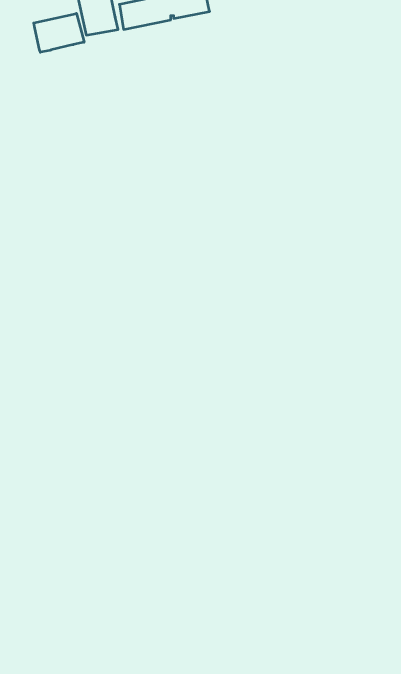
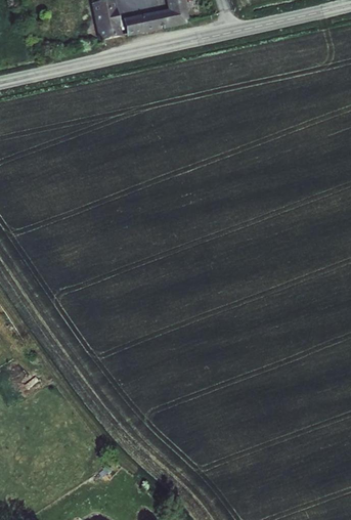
building: [34,13,84,52] -> none

